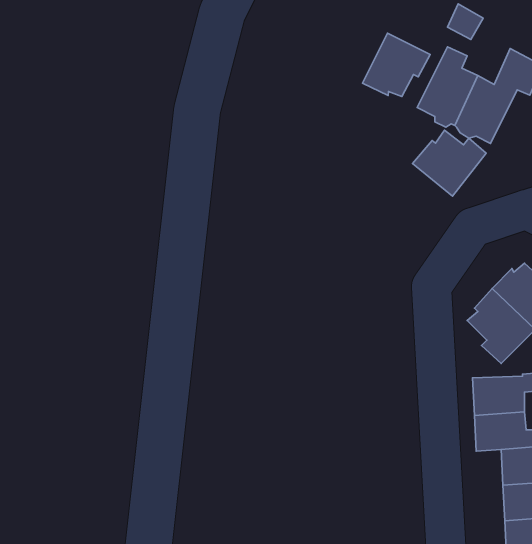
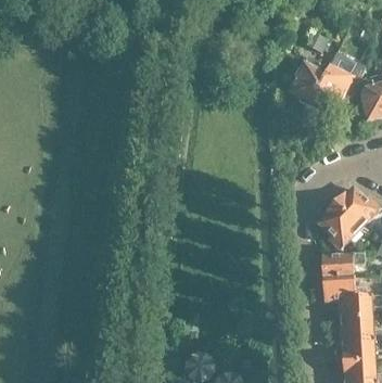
building: [362,33,430,97] -> none
building: [413,130,486,196] -> none

